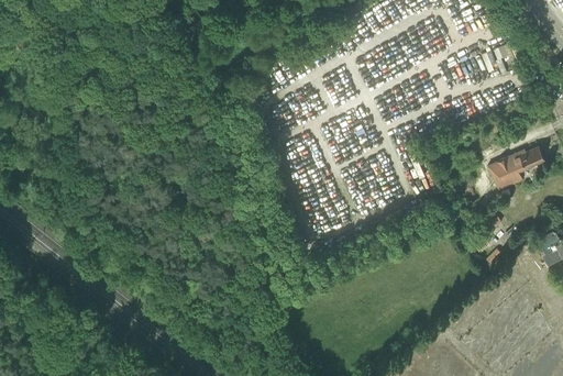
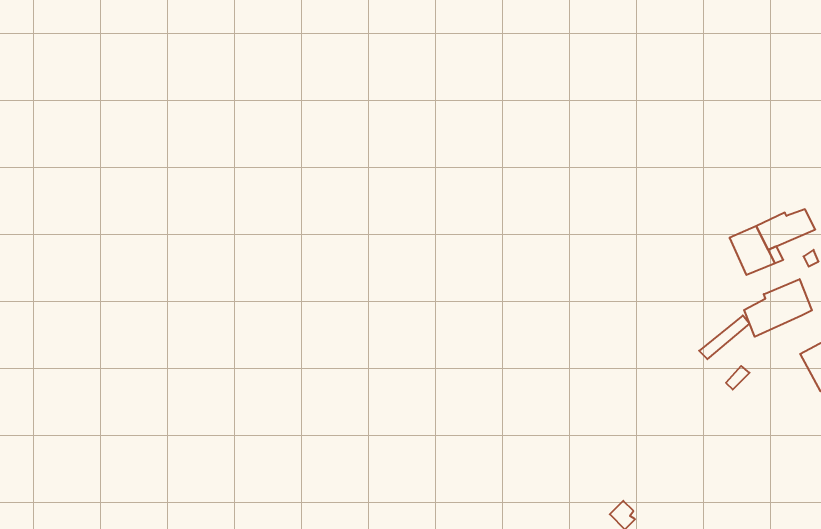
building: none -> [744,279,812,337]

